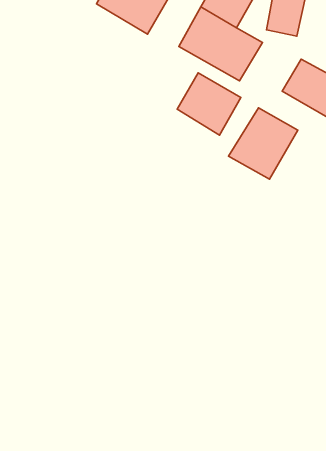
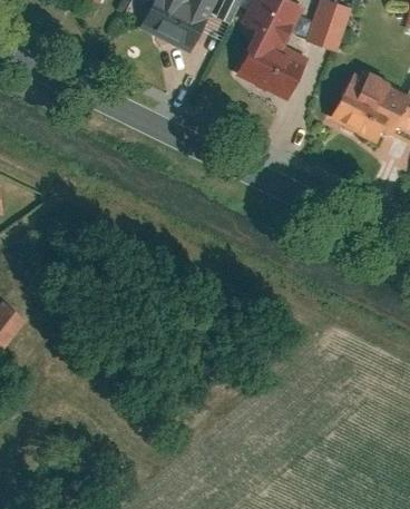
building: [177,73,241,135] -> none
building: [229,108,298,179] -> none

